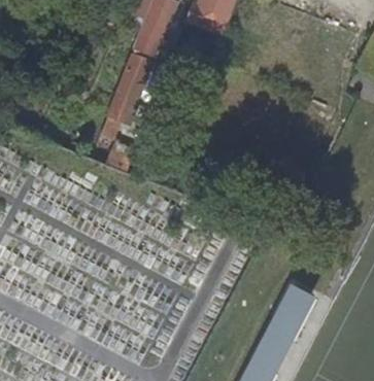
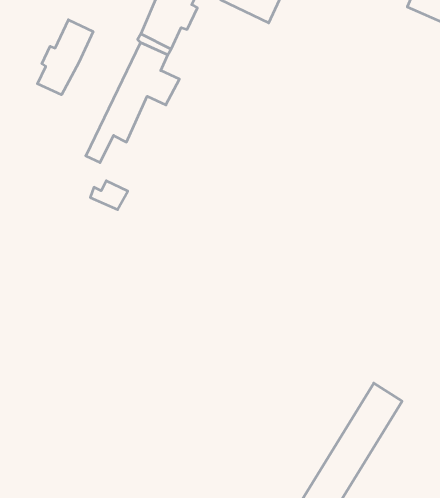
building: none -> [37,20,93,95]

